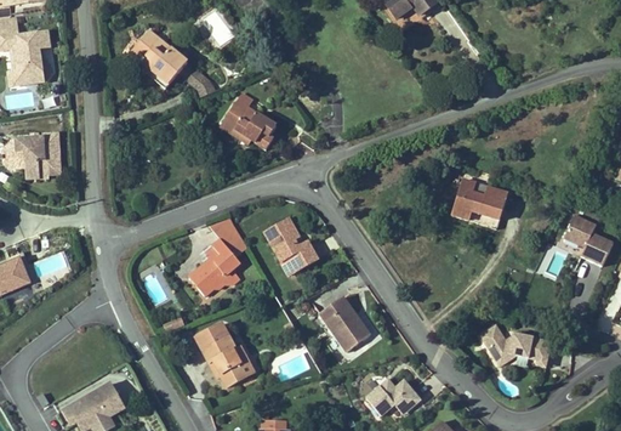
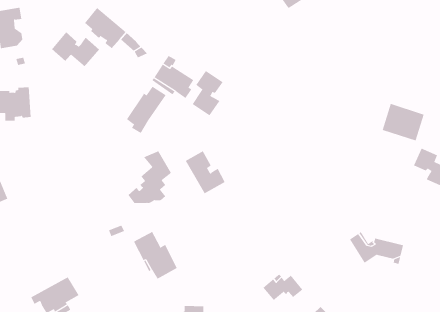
building: none -> [51,31,100,67]
building: none -> [192,70,224,116]
building: none -> [126,86,166,134]
building: [451,178,507,228] -> [382,103,424,141]
building: [319,296,369,351] -> none

